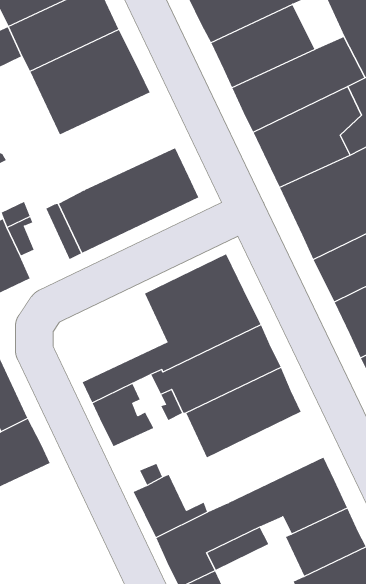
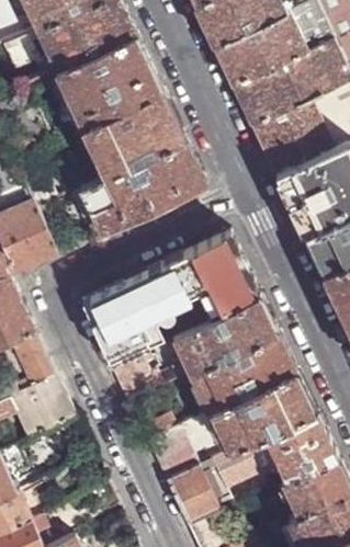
building: none -> [80,88,182,173]
building: none -> [80,264,174,342]
building: none -> [210,368,313,448]

